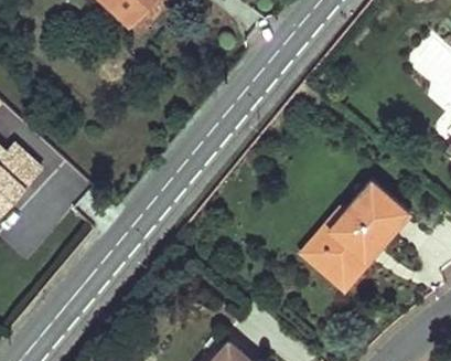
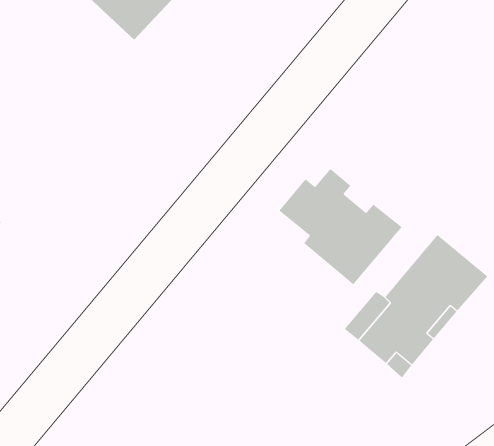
building: none -> [279,168,402,285]

